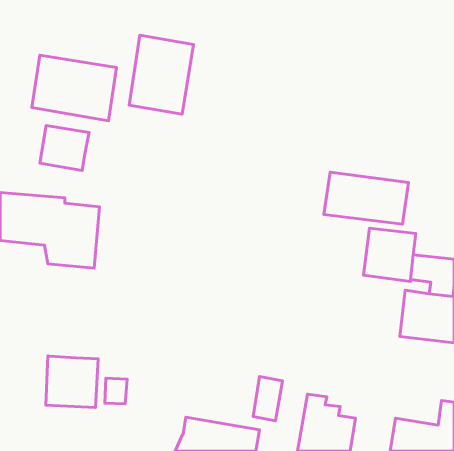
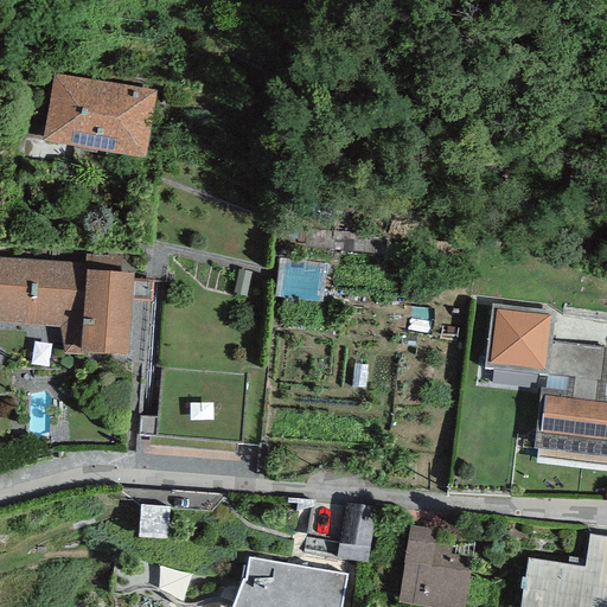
building: [129,35,194,114] -> none
building: [40,126,89,171] -> none
building: [324,172,408,224] -> none
building: [46,356,98,407] -> none

